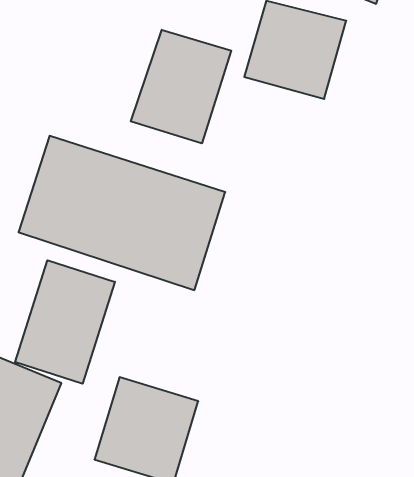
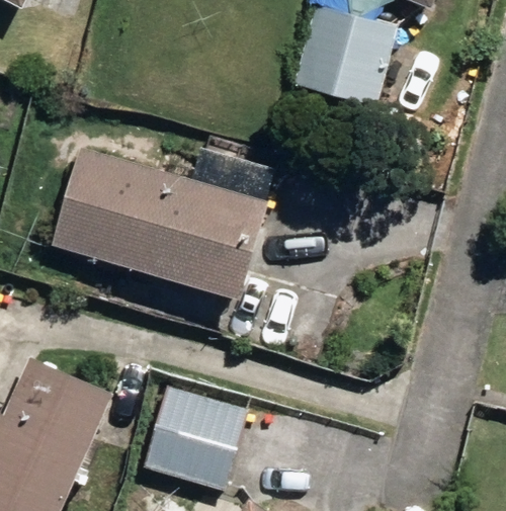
building: [131,30,231,143] -> none
building: [15,260,115,384] -> none

